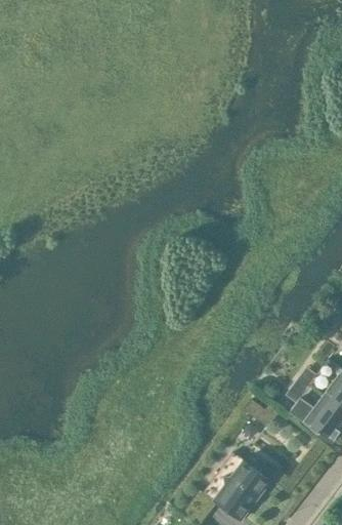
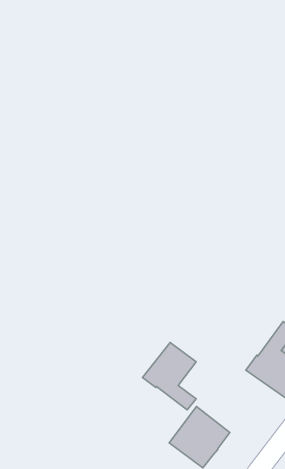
building: none -> [142,342,196,410]

